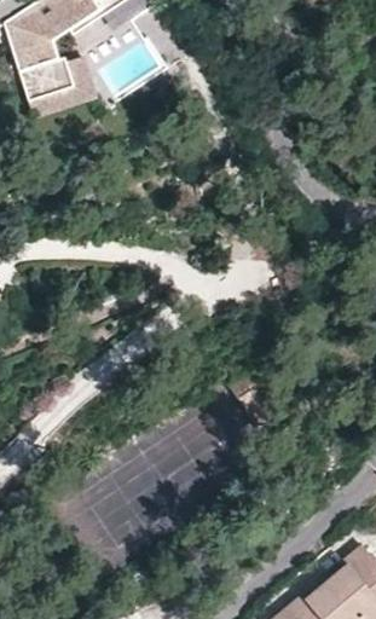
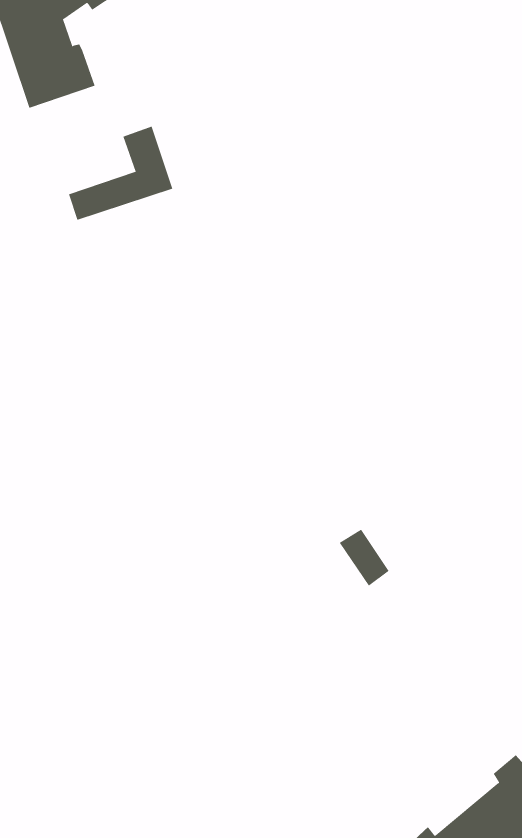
building: [23,52,96,117] -> [68,126,173,220]

